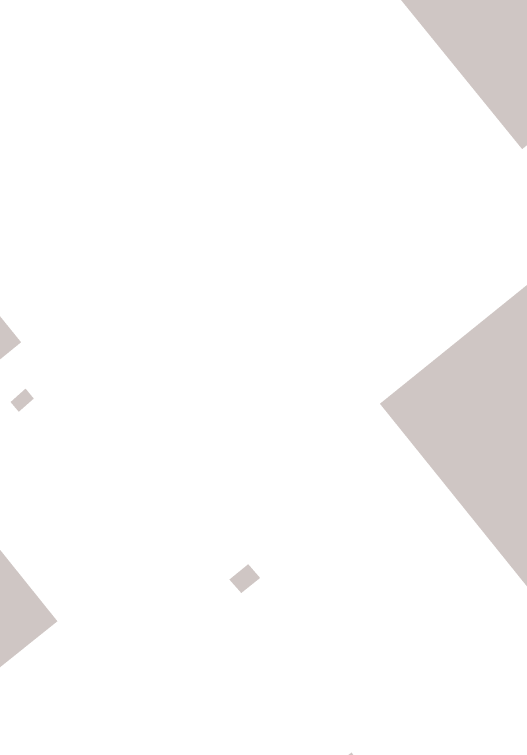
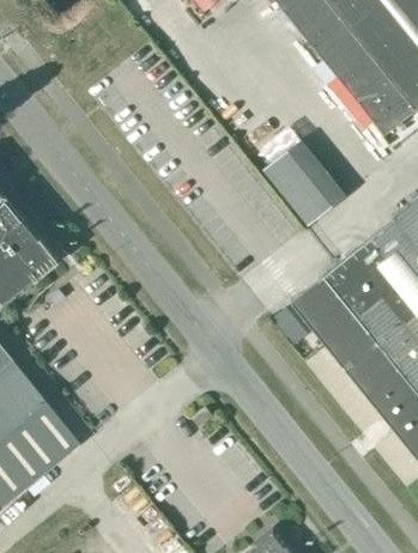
building: none -> [262,142,350,232]

